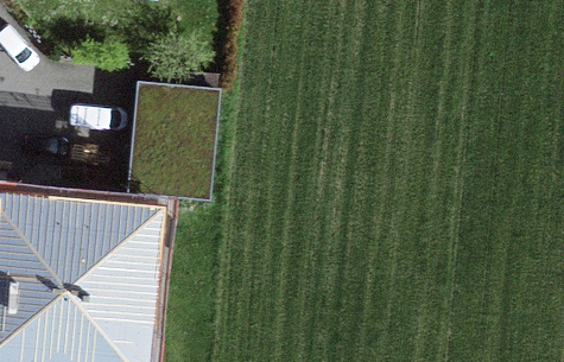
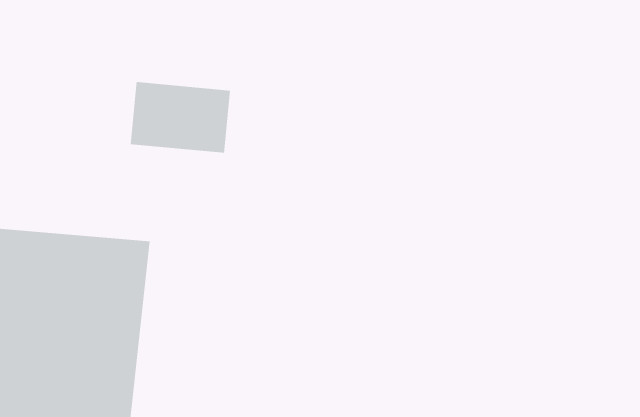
building: [128,128,210,191] -> none

